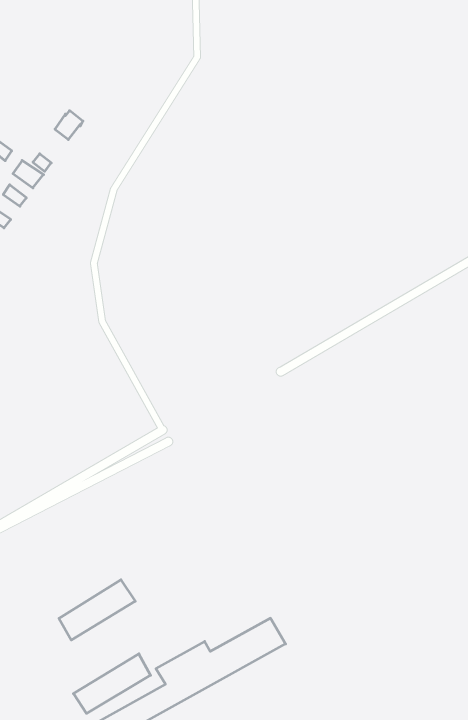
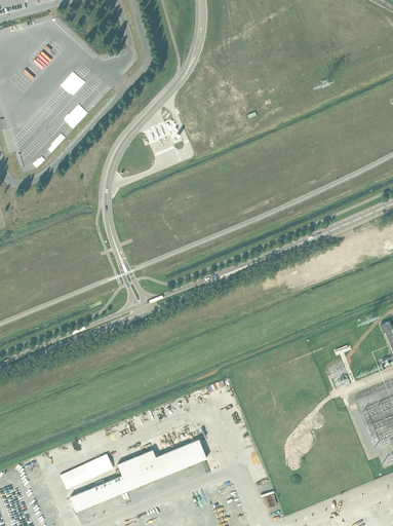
building: [59,580,135,640] -> none

